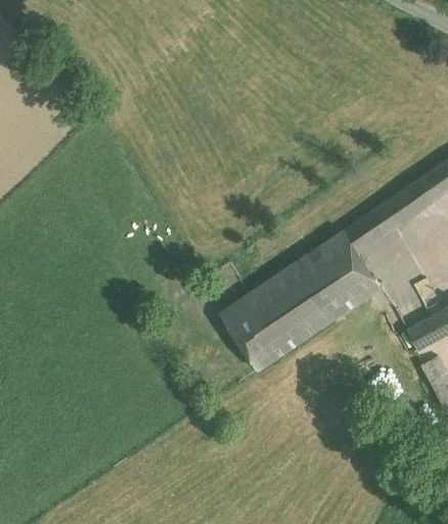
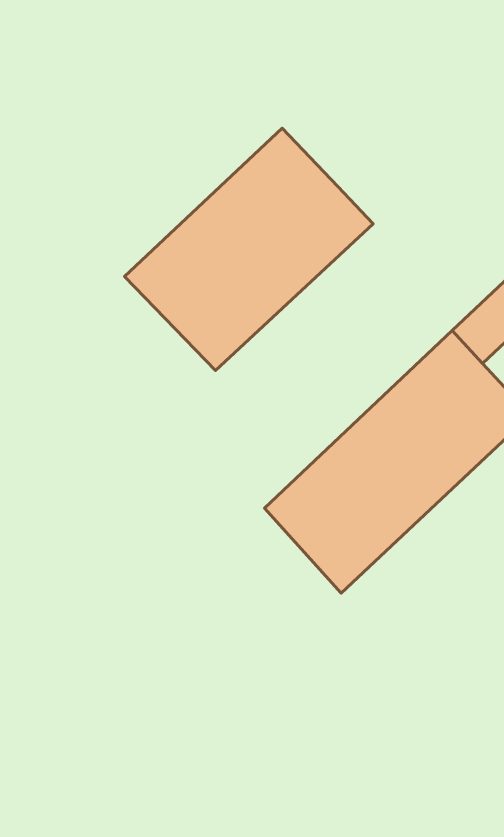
building: none -> [124,128,373,370]

